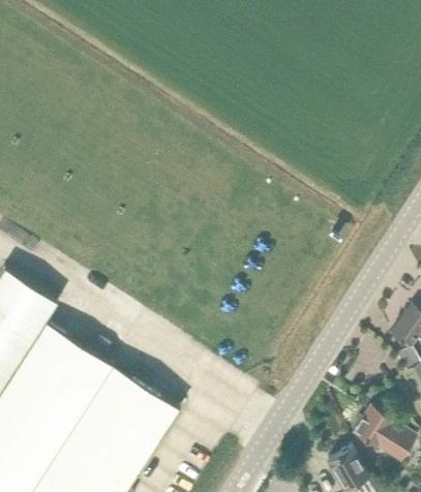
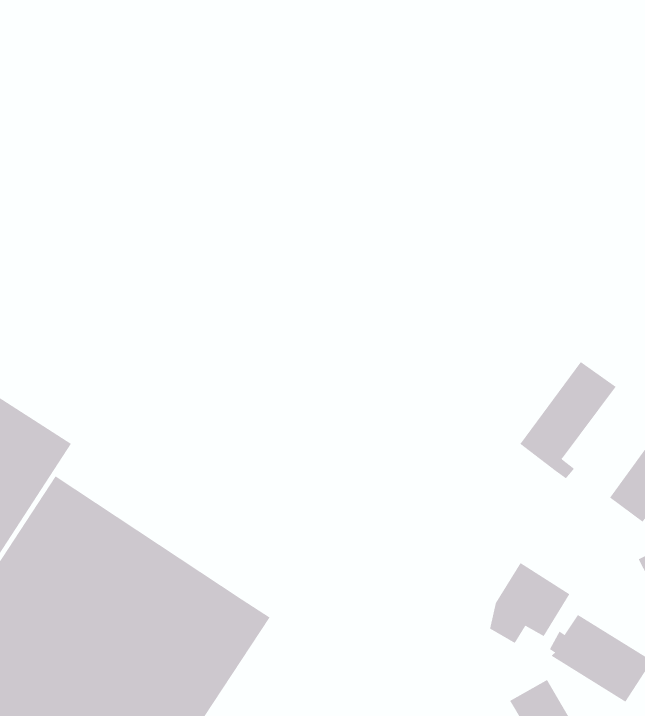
building: none -> [520,361,617,479]
building: none -> [490,562,570,644]

